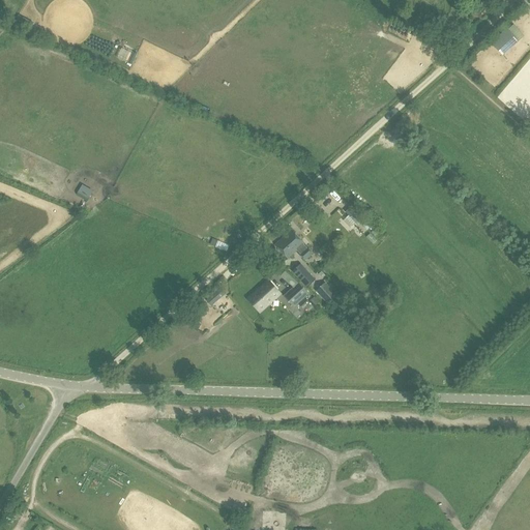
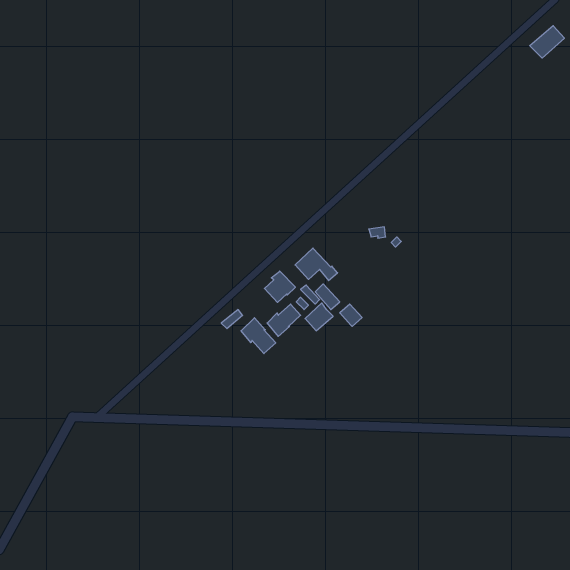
building: none -> [264,271,295,302]
building: none -> [241,318,276,354]

